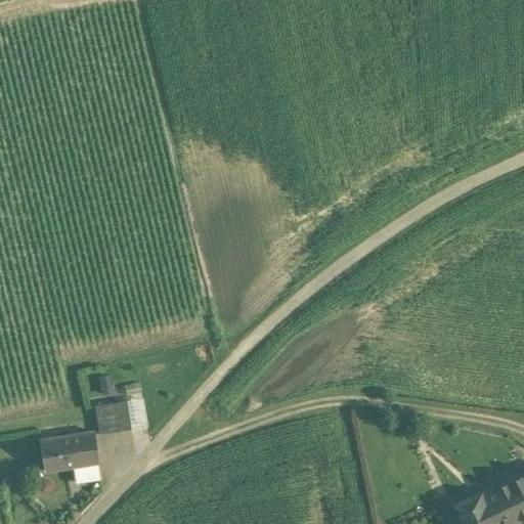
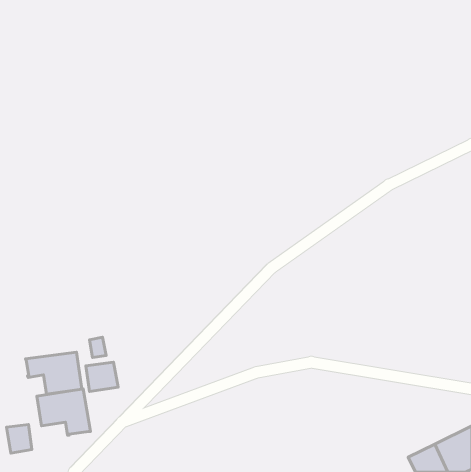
building: none -> [26,352,82,394]
building: none -> [7,424,32,453]

